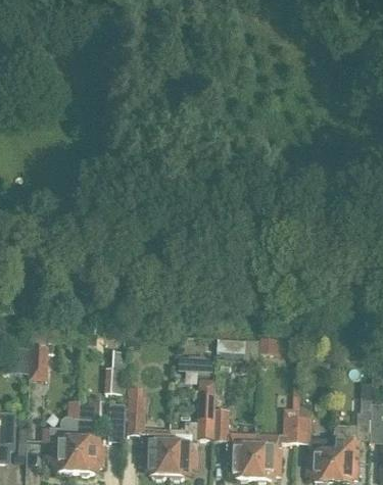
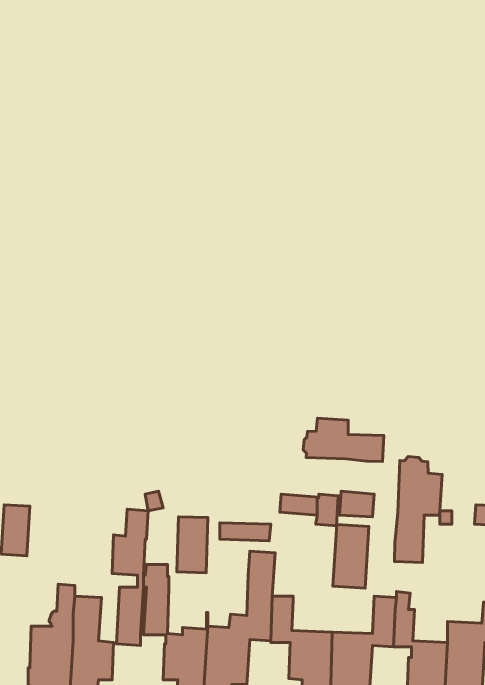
building: none -> [303,418,384,461]
building: none -> [394,456,442,563]
building: none -> [177,517,208,573]
building: none -> [333,525,369,588]

